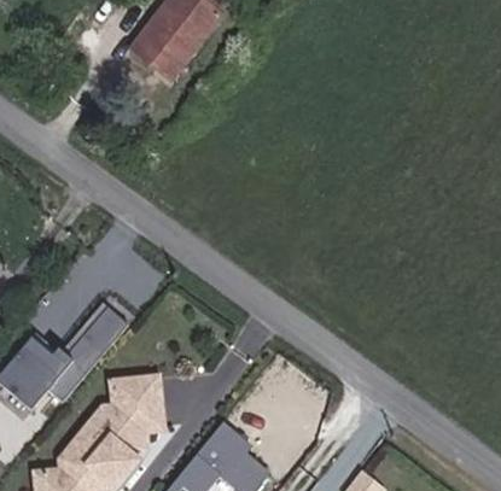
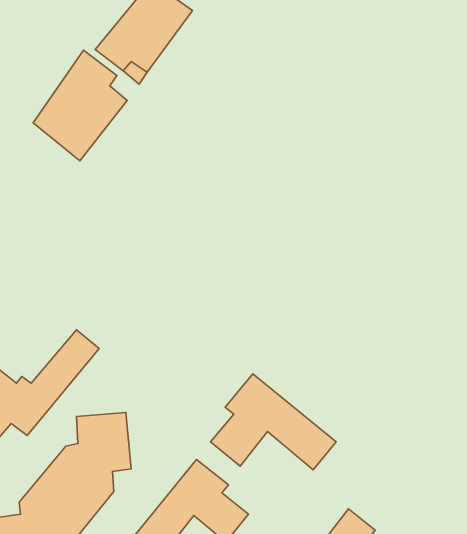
building: none -> [33,50,127,161]
building: none -> [211,374,336,470]

